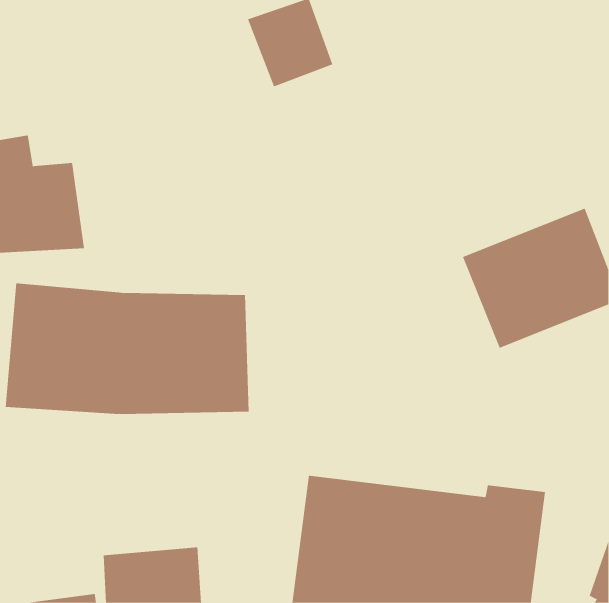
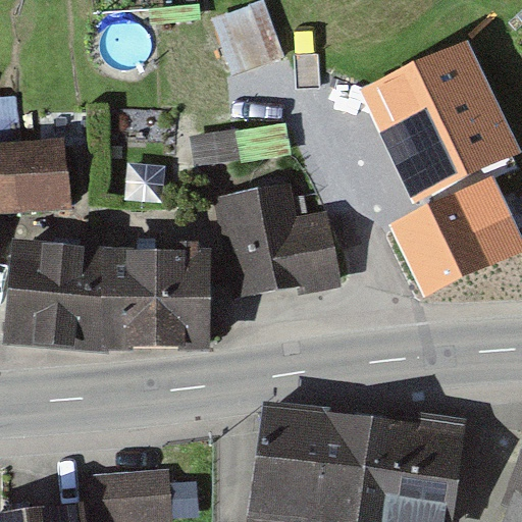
building: none -> [361,35,516,205]
building: none -> [214,182,342,299]

